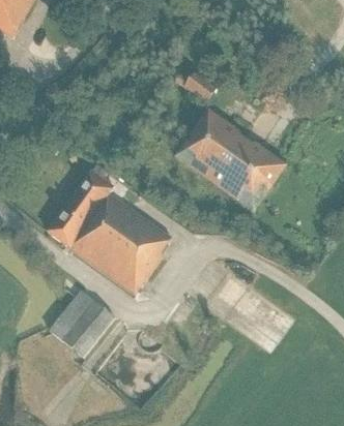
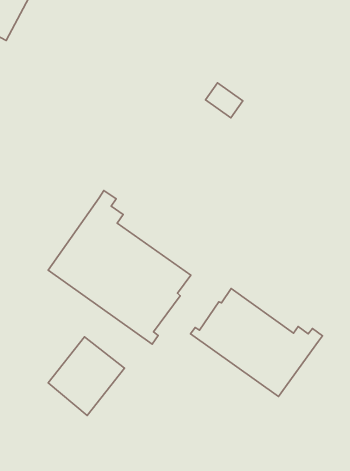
building: [173,106,286,211] -> none
building: none -> [191,289,323,396]

